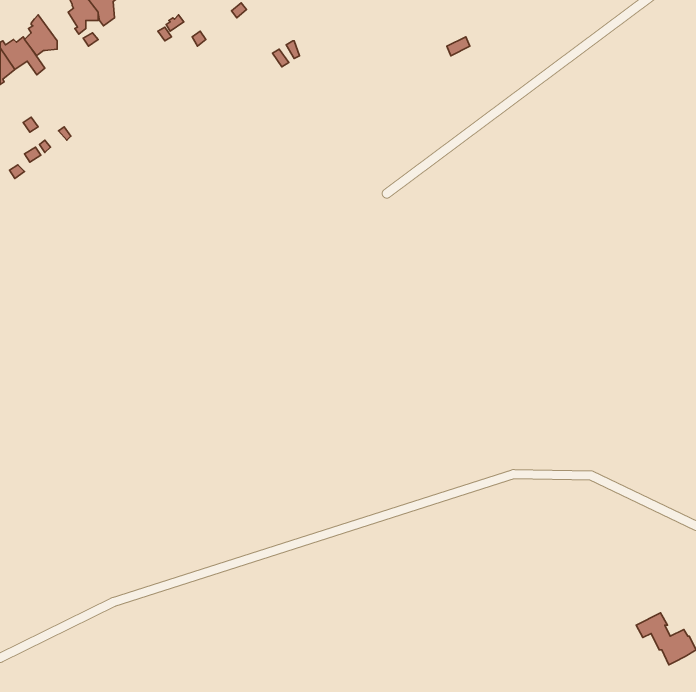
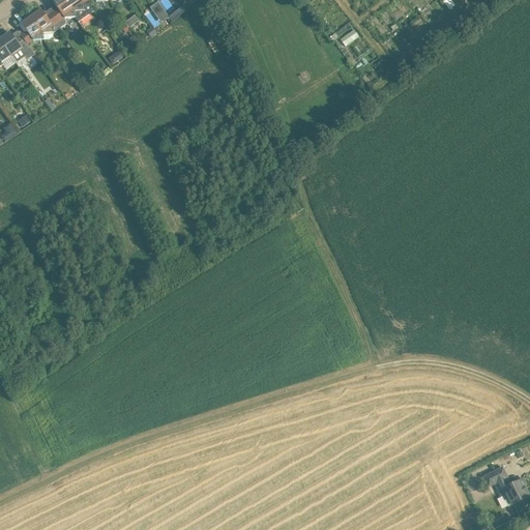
building: none -> [29,7,60,37]

